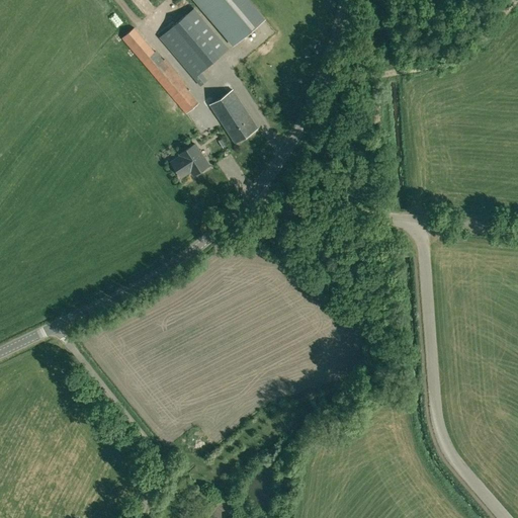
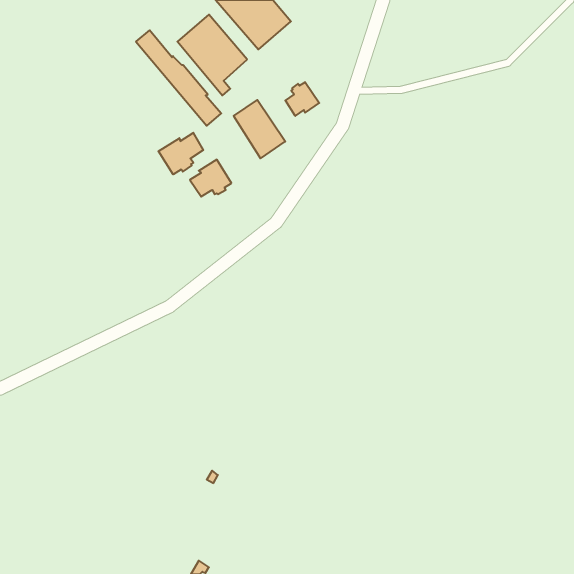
building: none -> [285,82,319,116]
building: none -> [158,133,203,174]

